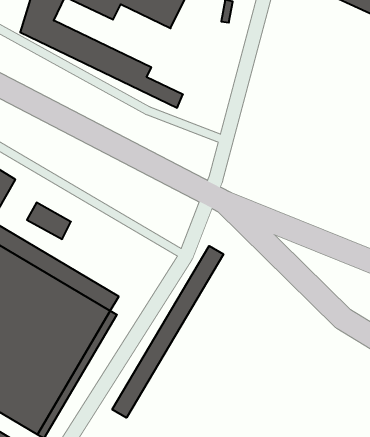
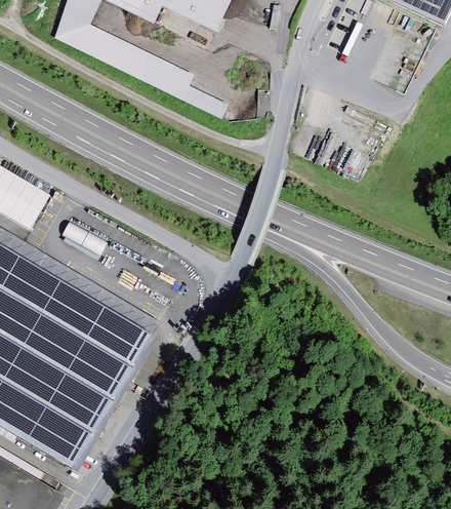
building: [112,246,223,418] -> none

